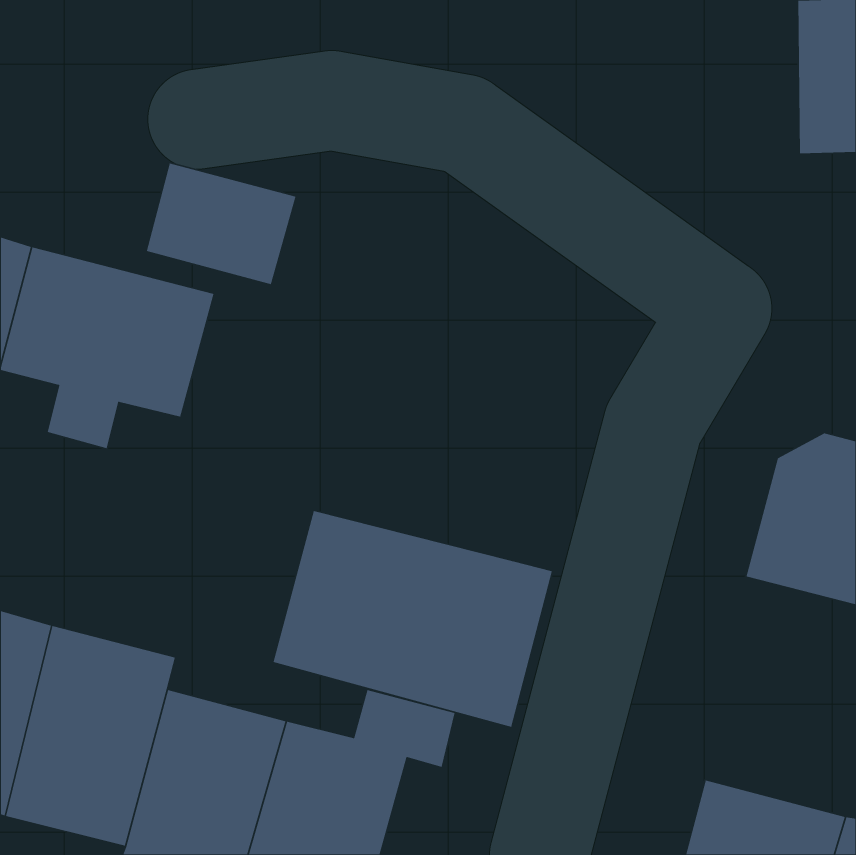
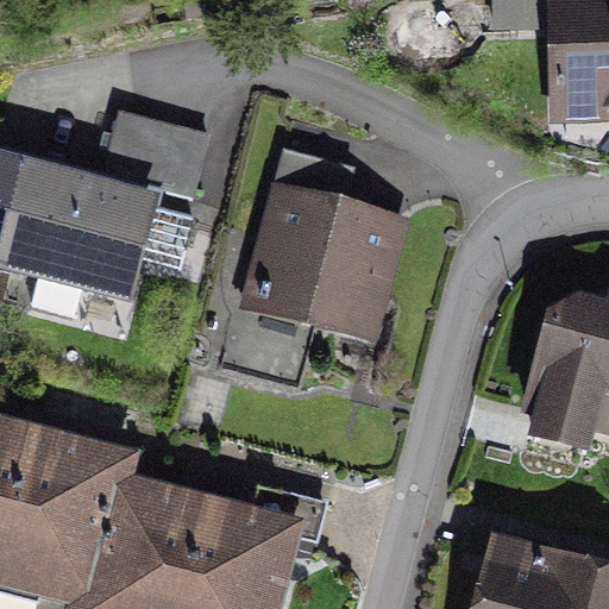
building: none -> [260,196,395,329]
building: [272,510,553,728] -> none

